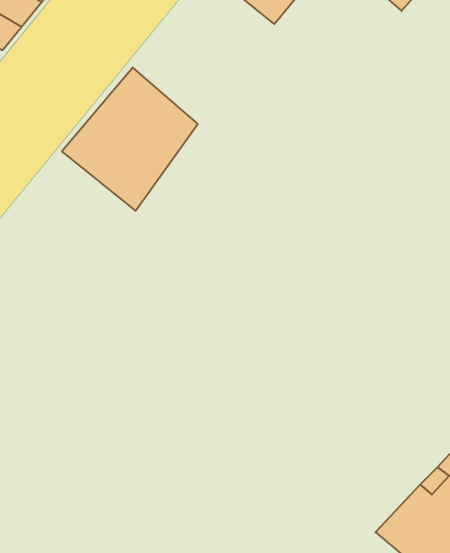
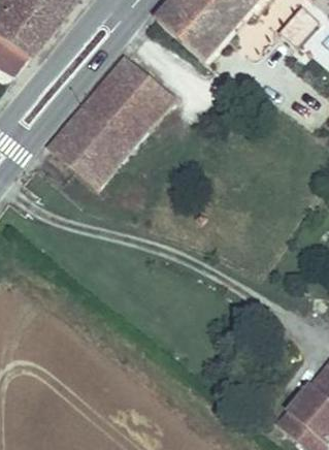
building: none -> [101,59,170,129]

